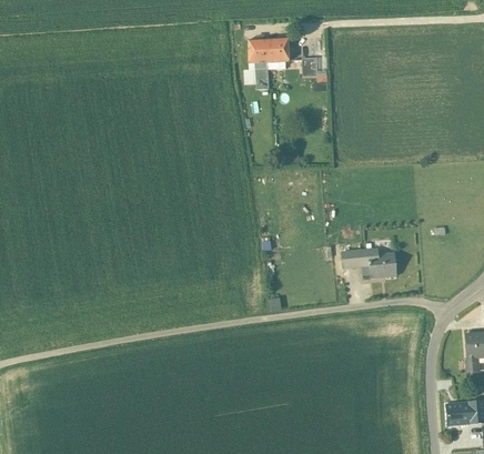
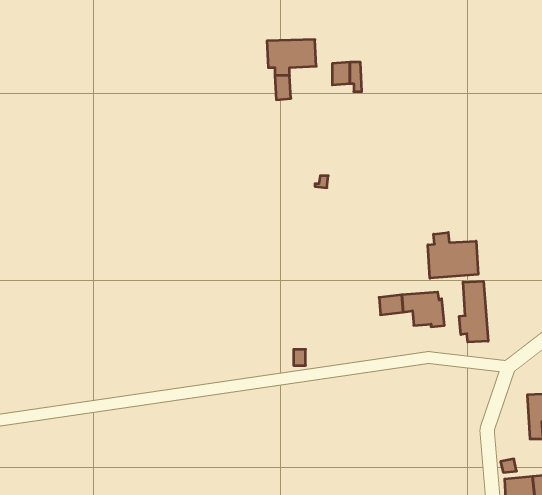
building: none -> [428,232,478,278]
building: none -> [459,281,488,342]

